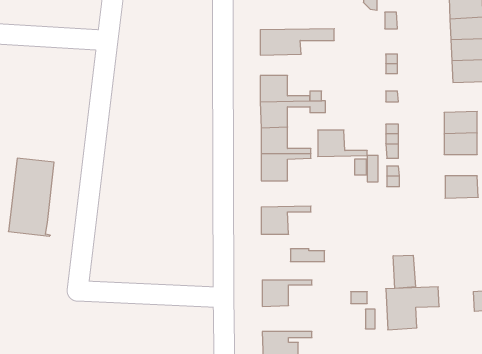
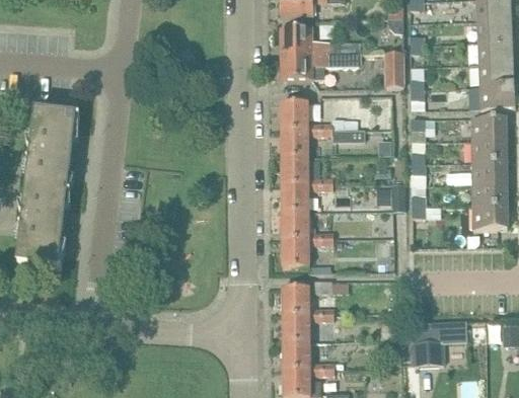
building: none -> [280,28,357,55]
building: none -> [384,52,400,83]
building: none -> [26,112,78,192]
building: none -> [470,117,506,141]
building: [318,130,367,156] -> [281,212,332,239]
building: none -> [471,184,506,207]
building: none -> [282,288,333,315]
building: [393,255,415,288] -> none
building: none -> [282,341,333,369]

